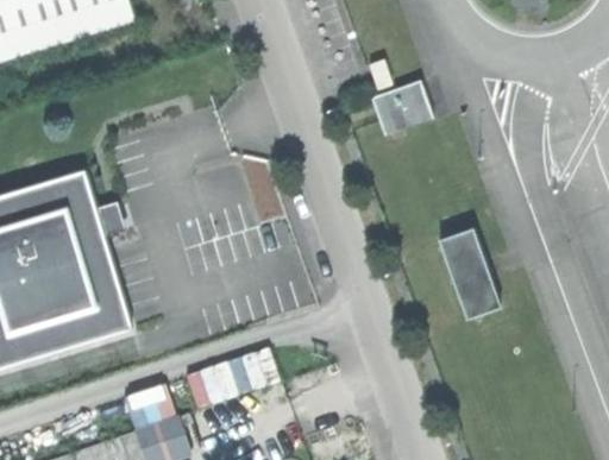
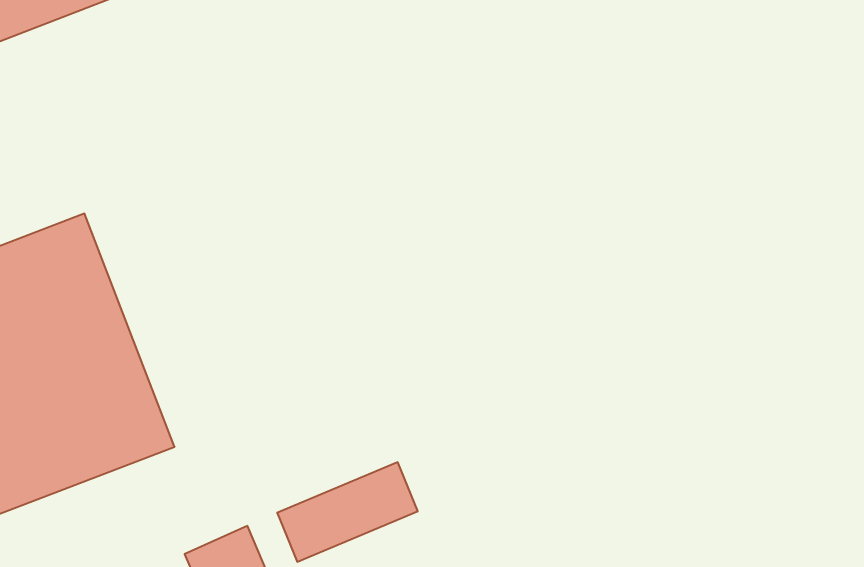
building: [369,78,426,131] -> none
building: [441,231,502,320] -> none

